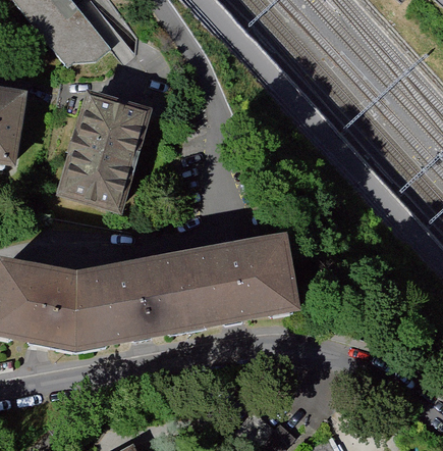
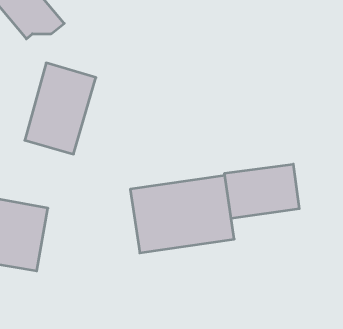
building: none -> [225,164,299,219]
building: [75,249,198,346] -> none

